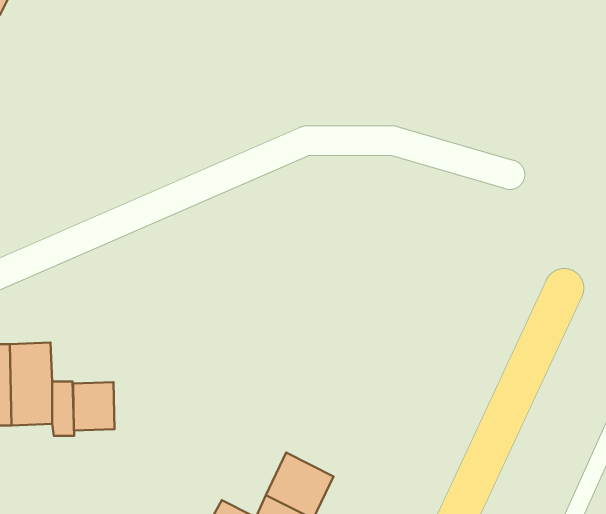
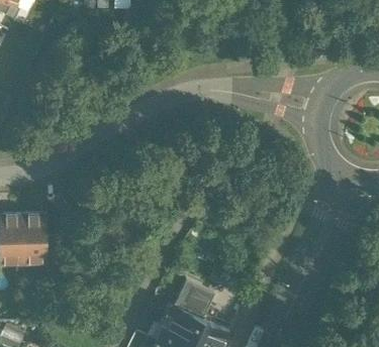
building: [73,382,115,430] -> none

